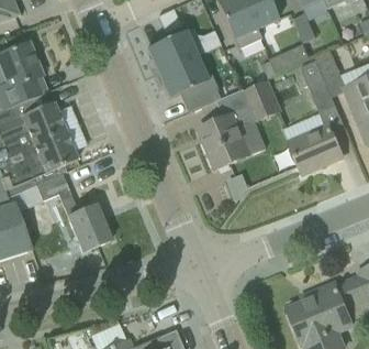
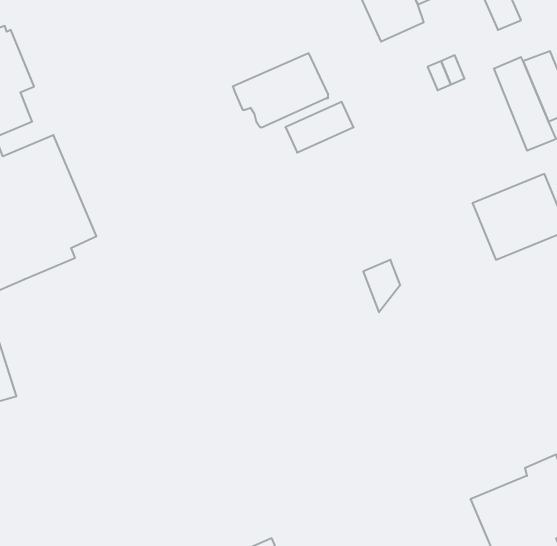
building: [146,30,195,74] -> none
building: [199,79,279,167] -> none
building: [35,171,110,251] -> none

